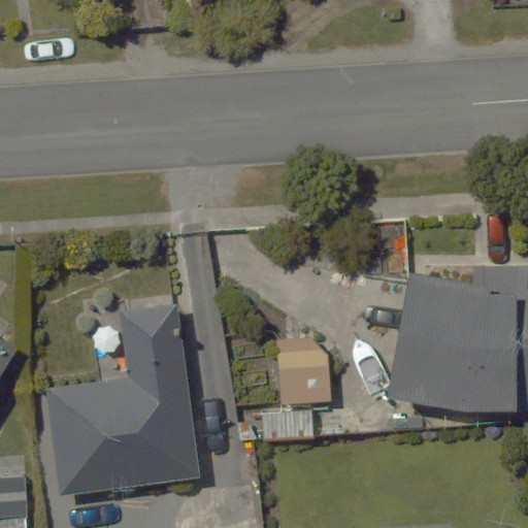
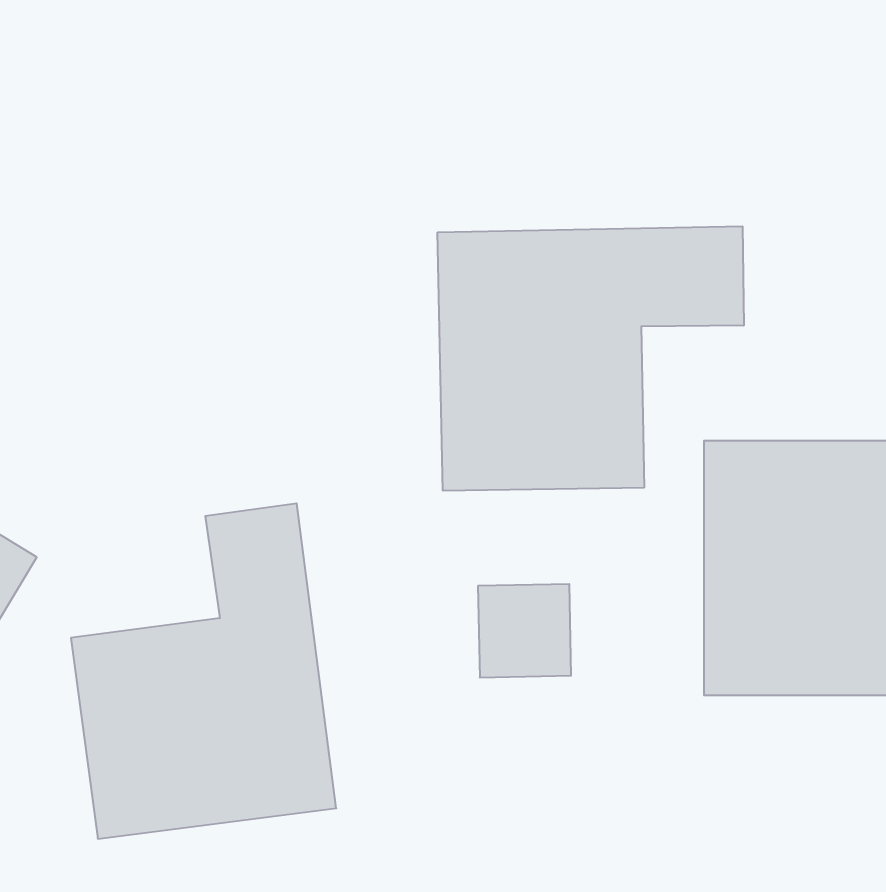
building: none -> [438,226,744,491]

